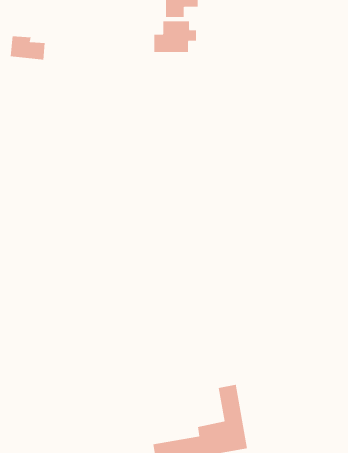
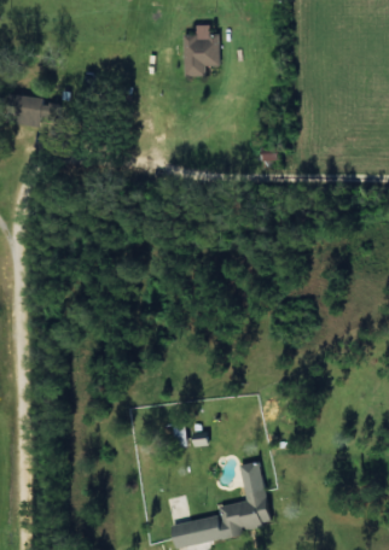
building: [154,20,196,53] -> none

